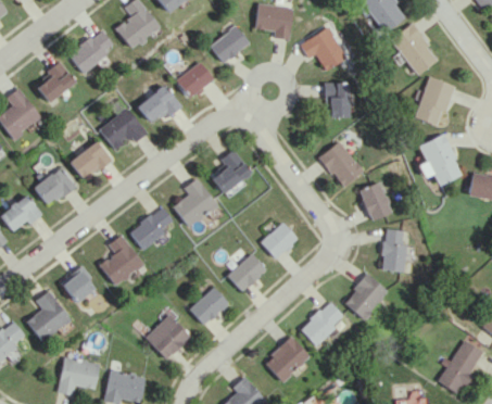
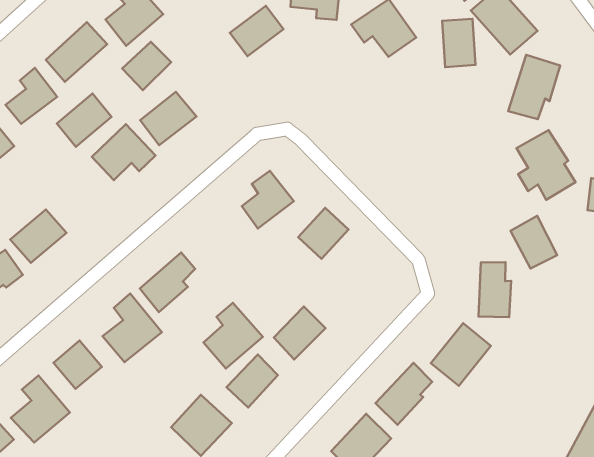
building: [176,62,213,98] -> [122,42,171,90]
building: [327,83,350,117] -> [442,19,476,67]
building: [71,141,112,180] -> [57,93,111,147]
building: [320,141,363,187] -> none
building: [172,178,216,227] -> [204,303,263,369]
building: [359,181,393,220] -> [511,216,557,269]
building: [260,222,298,260] -> [298,208,348,259]

